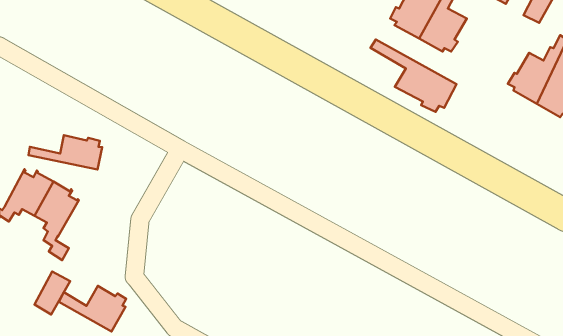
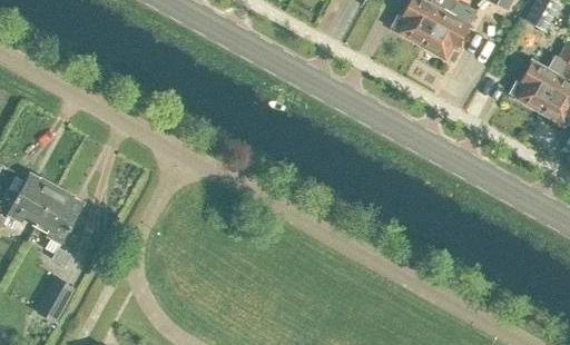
building: [371,40,457,112] -> none
building: [29,135,102,170] -> none
building: [59,286,126,331] -> none

